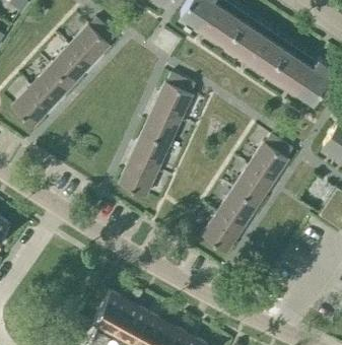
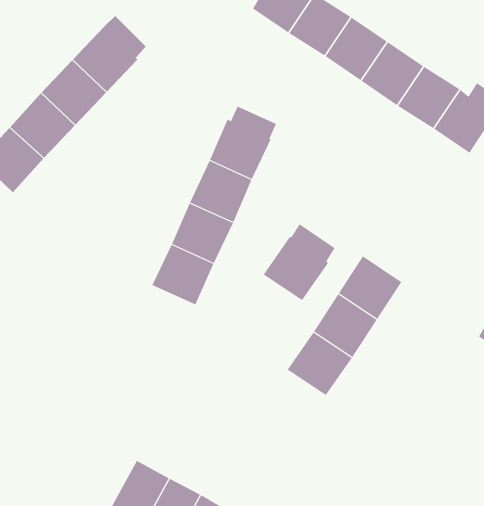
building: [249,135,293,183] -> [263,223,335,301]

